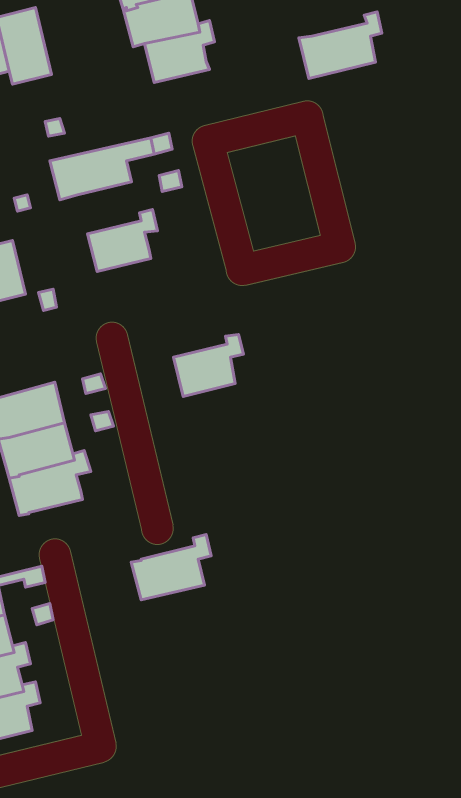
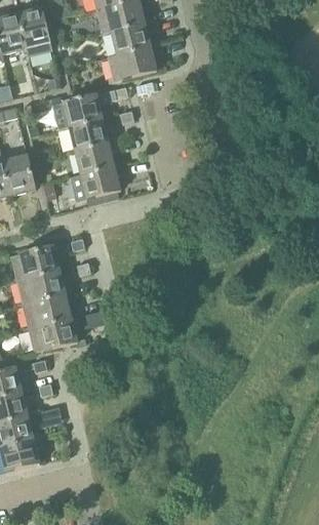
building: [299,12,382,79] -> [106,39,158,81]
building: none -> [66,117,106,150]
building: [173,335,243,396] -> [78,159,122,198]
building: [131,535,211,600] -> [29,310,79,351]

